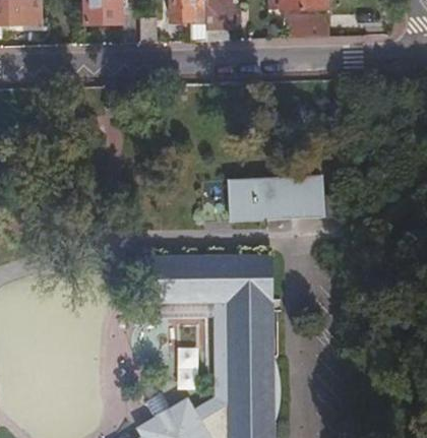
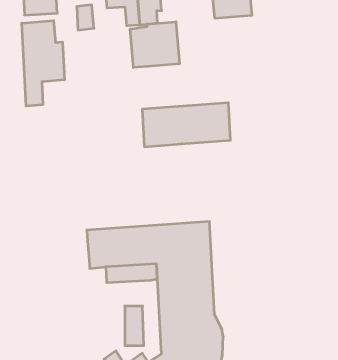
building: none -> [22,21,64,106]
building: none -> [130,22,179,68]
building: [230,177,323,220] -> [142,103,230,147]

